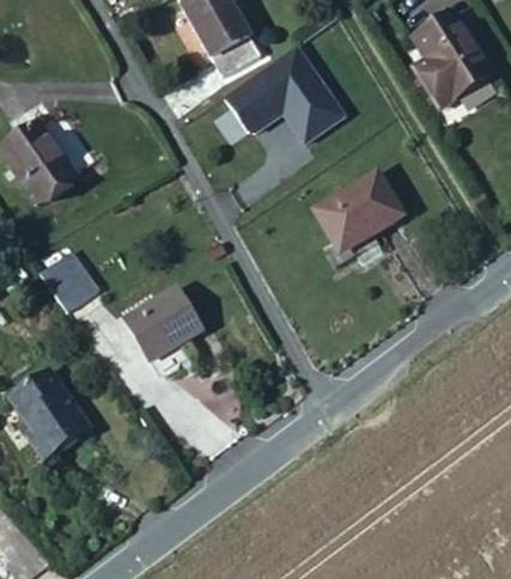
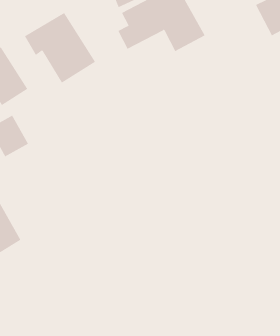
building: none -> [24,12,96,83]
building: [316,177,404,256] -> none
building: [127,290,206,365] -> none

